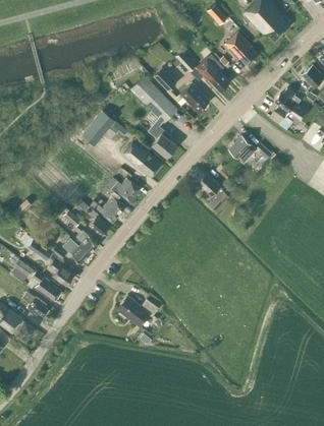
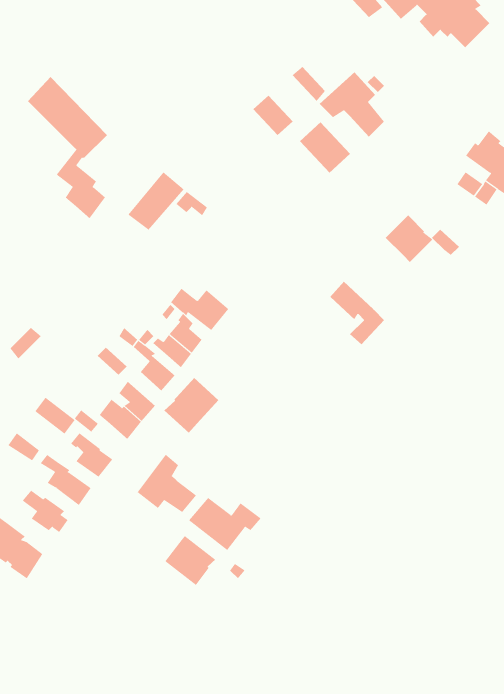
building: [224,32,258,66] -> none
building: [130,75,176,157] -> [27,76,108,219]
building: [120,138,161,176] -> none
building: none -> [164,377,219,433]
building: none -> [137,454,197,513]
building: none -> [164,535,216,586]

